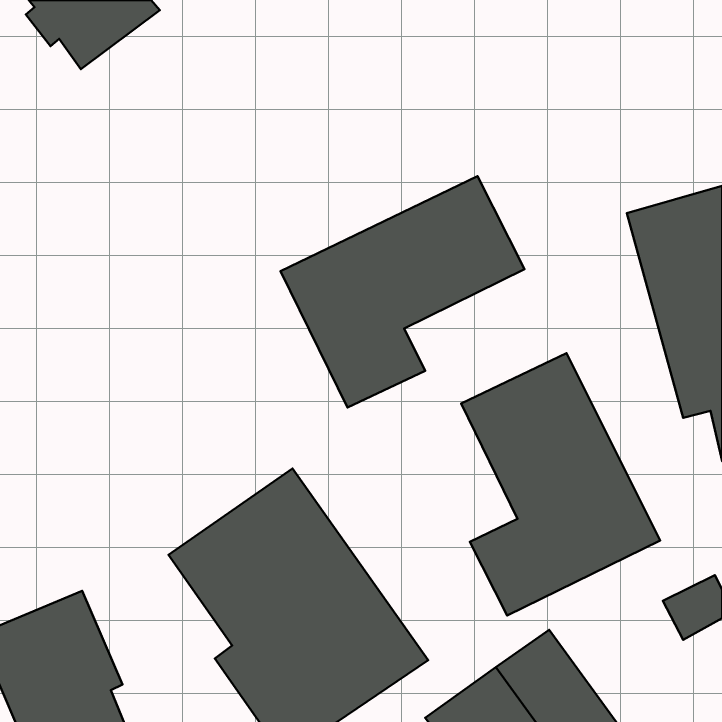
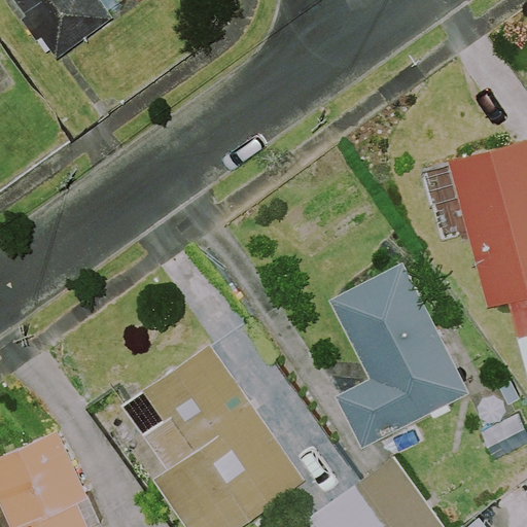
building: [281,176,524,408] -> none

